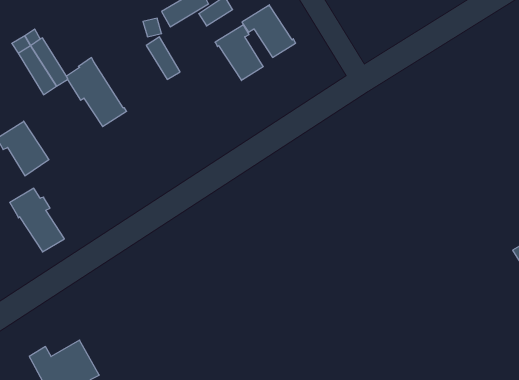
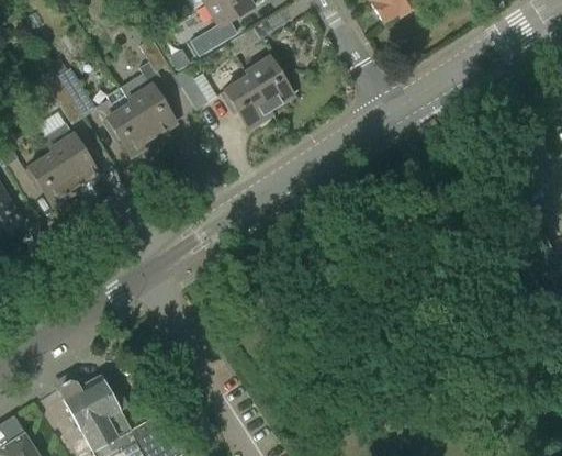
building: [242,5,296,57] -> [220,76,273,129]
building: none -> [120,38,176,138]
building: [10,188,64,252] -> [42,123,97,187]

